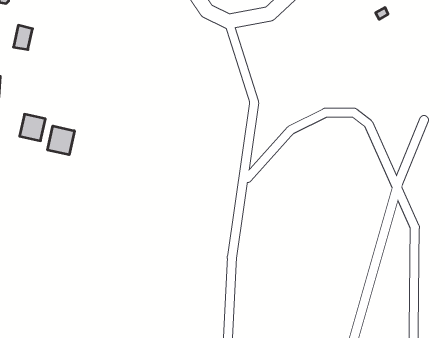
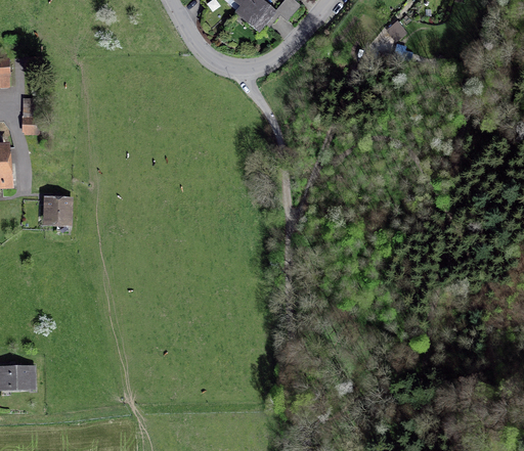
building: [48,126,74,155] -> none

